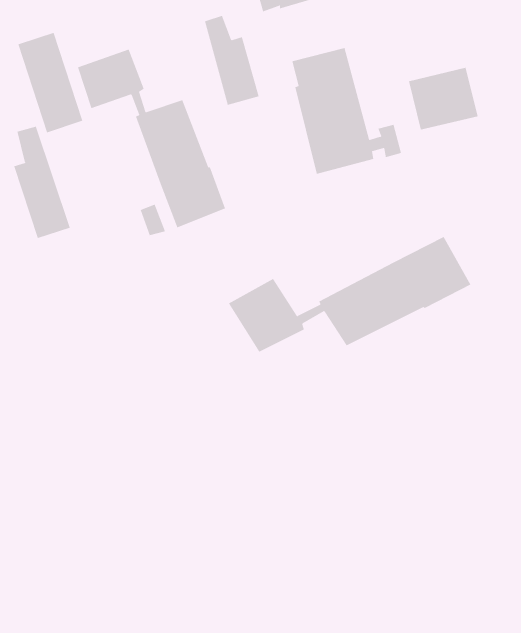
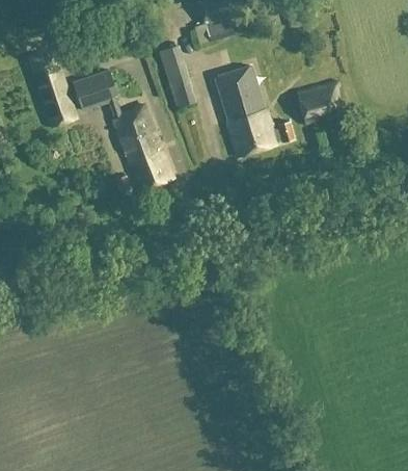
building: [14,126,71,239] -> none
building: [228,236,471,352] -> none

